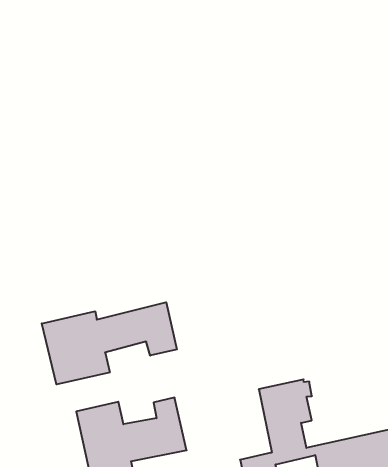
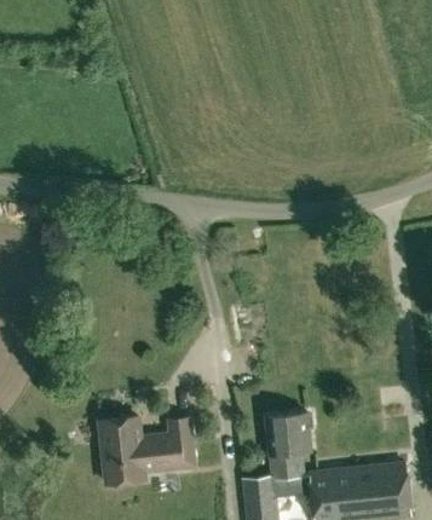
building: [42,302,177,384] -> none

